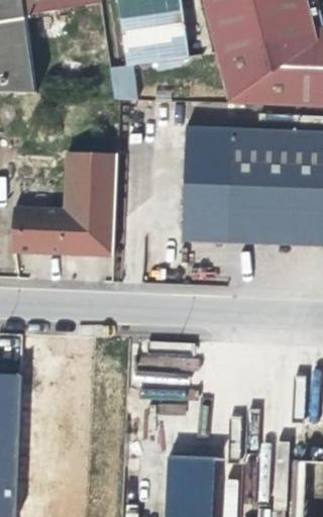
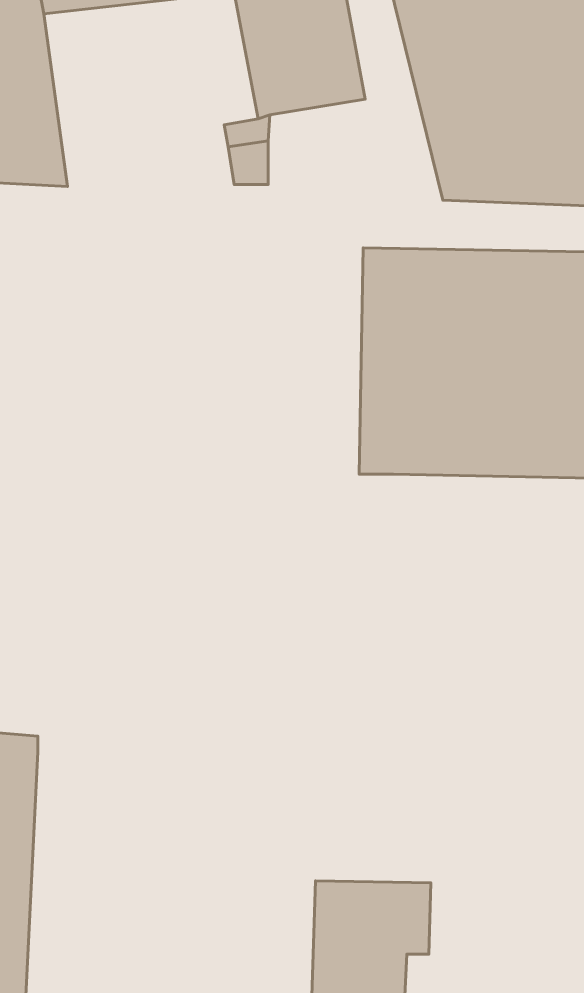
building: [16,156,120,258] -> none

